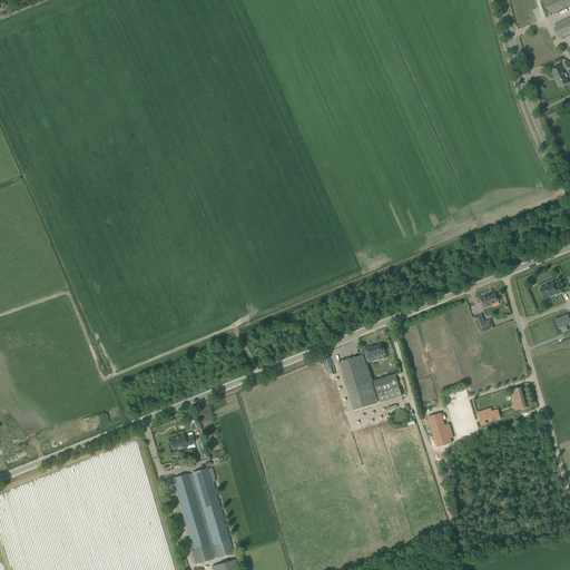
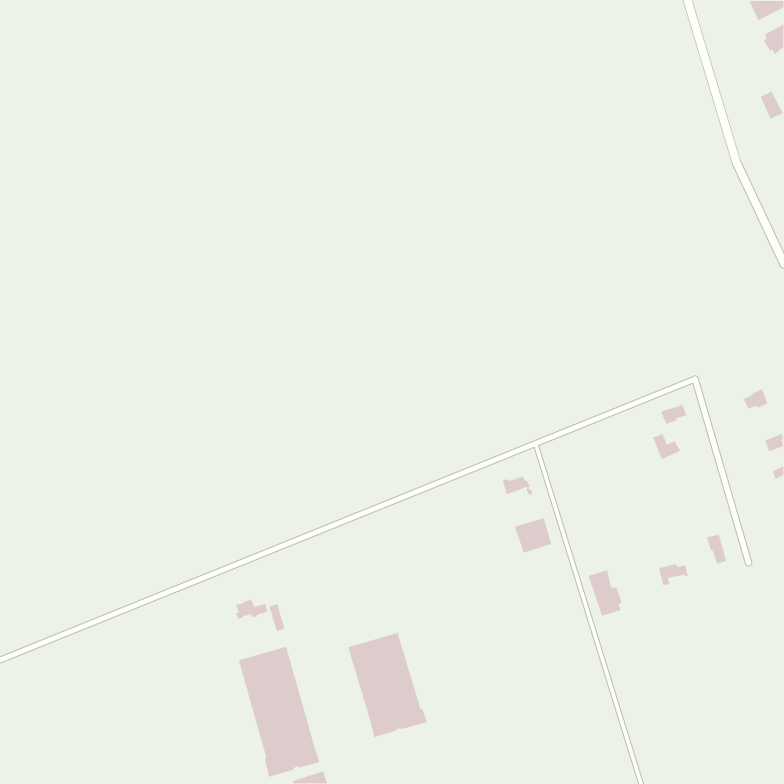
building: [338,355,376,410] -> none
building: none -> [347,632,428,738]

